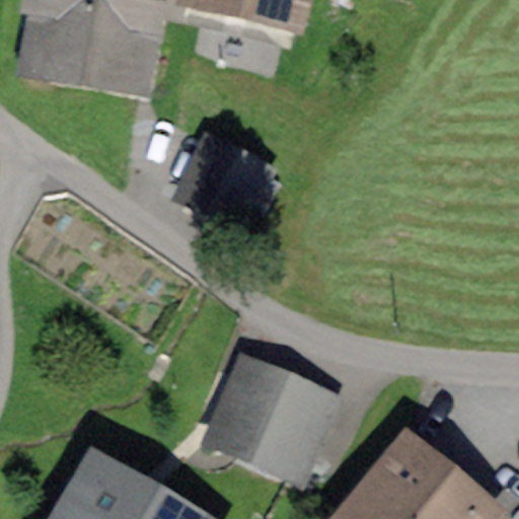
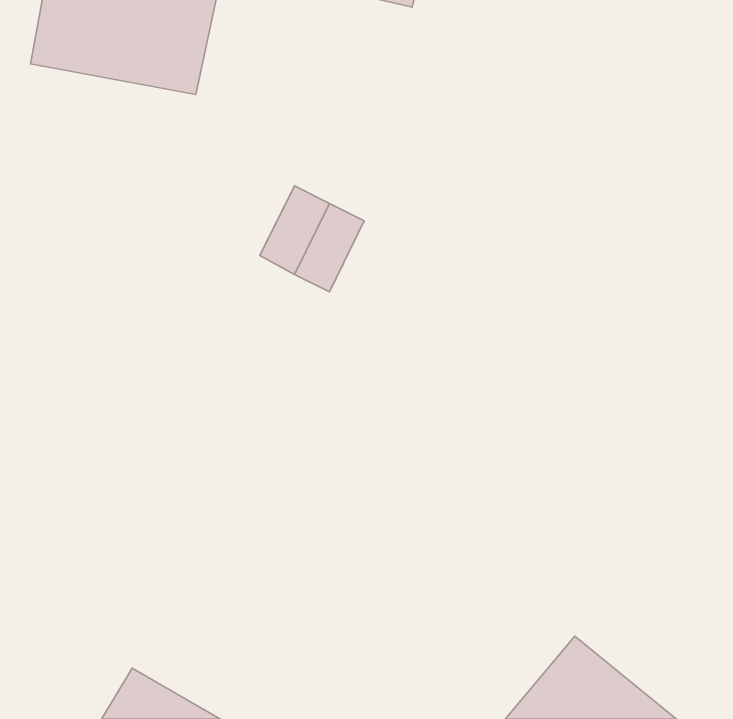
building: [212,360,319,457] -> none

